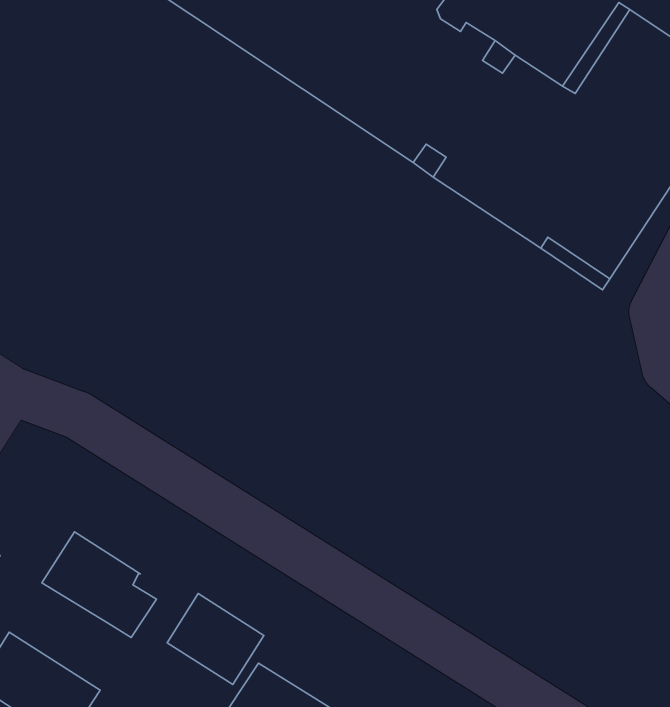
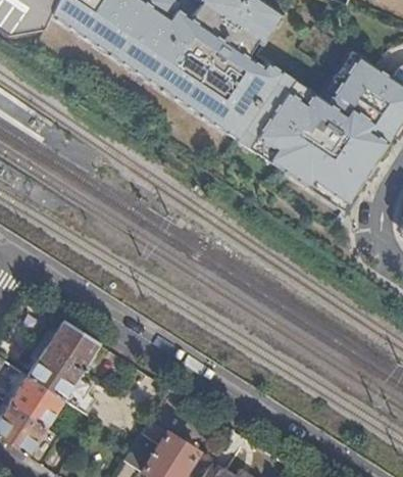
building: none -> [10,375,65,426]
building: [167,594,264,685] -> [47,319,101,370]

